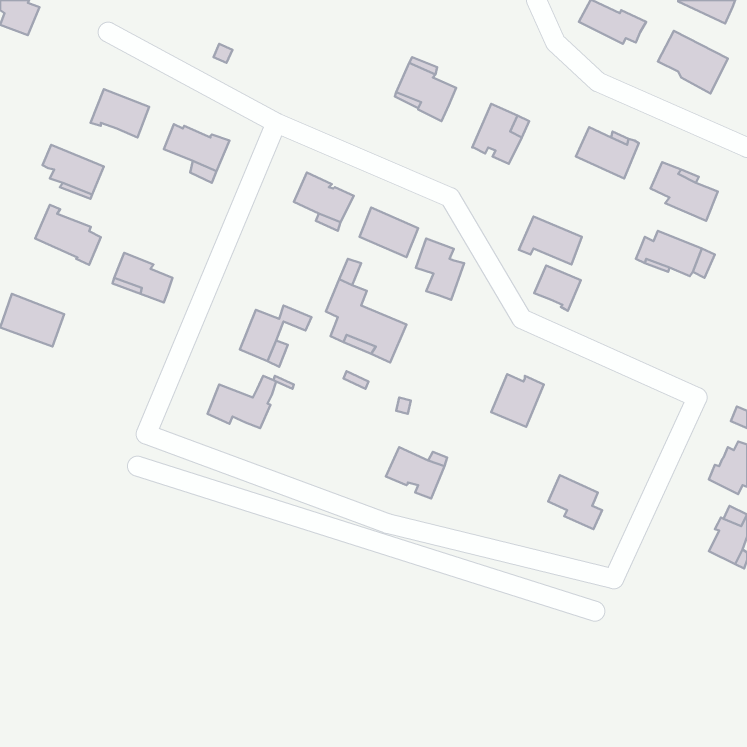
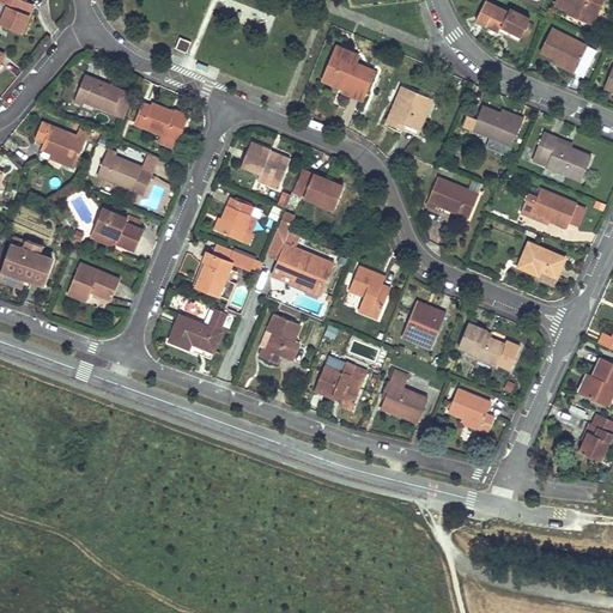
building: [35,205,101,265] -> [97,146,151,195]
building: [416,238,464,300] -> [351,267,390,317]
building: none -> [214,196,259,244]
building: [534,266,581,311] -> none
building: none -> [517,242,564,285]
building: none -> [67,261,120,299]
building: none -> [261,315,301,364]
building: none -> [459,324,504,366]
building: none -> [381,370,427,421]

